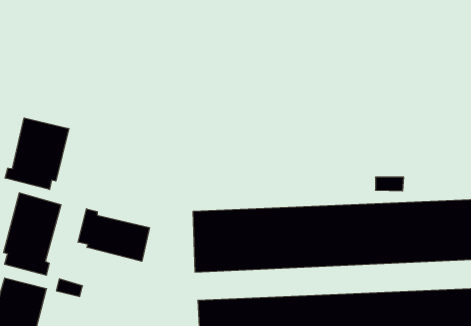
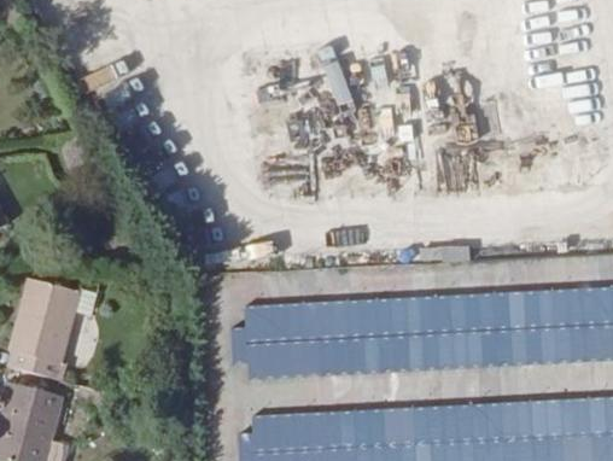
building: [5,118,69,190] -> none
building: [78,209,149,261] -> none

